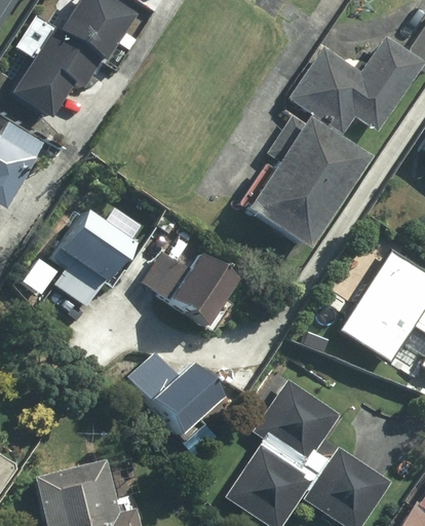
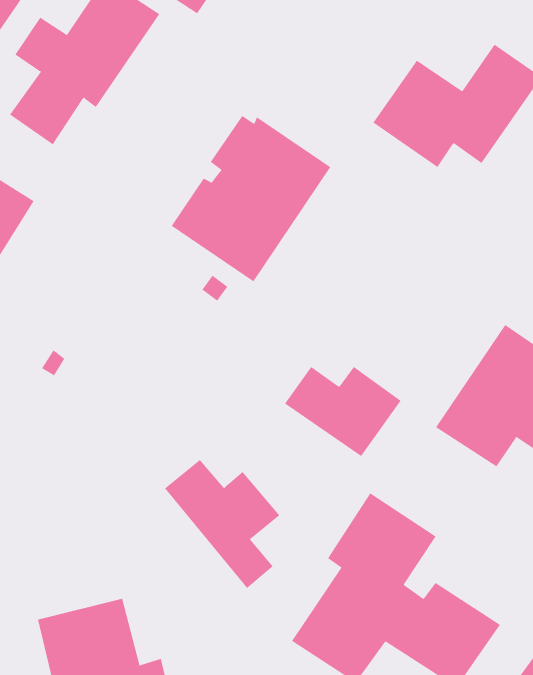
building: [243,117,366,246] -> [171,115,331,282]
building: [59,211,131,304] -> none
building: [147,254,237,324] -> [284,366,402,457]

